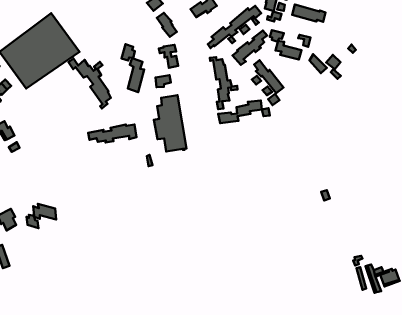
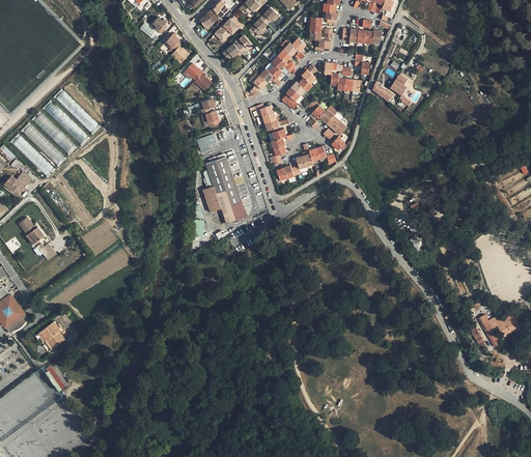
building: [121,44,144,92] -> none
building: [68,59,111,109] -> none
building: [88,124,136,142] -> none
building: [27,204,56,228] -> none

